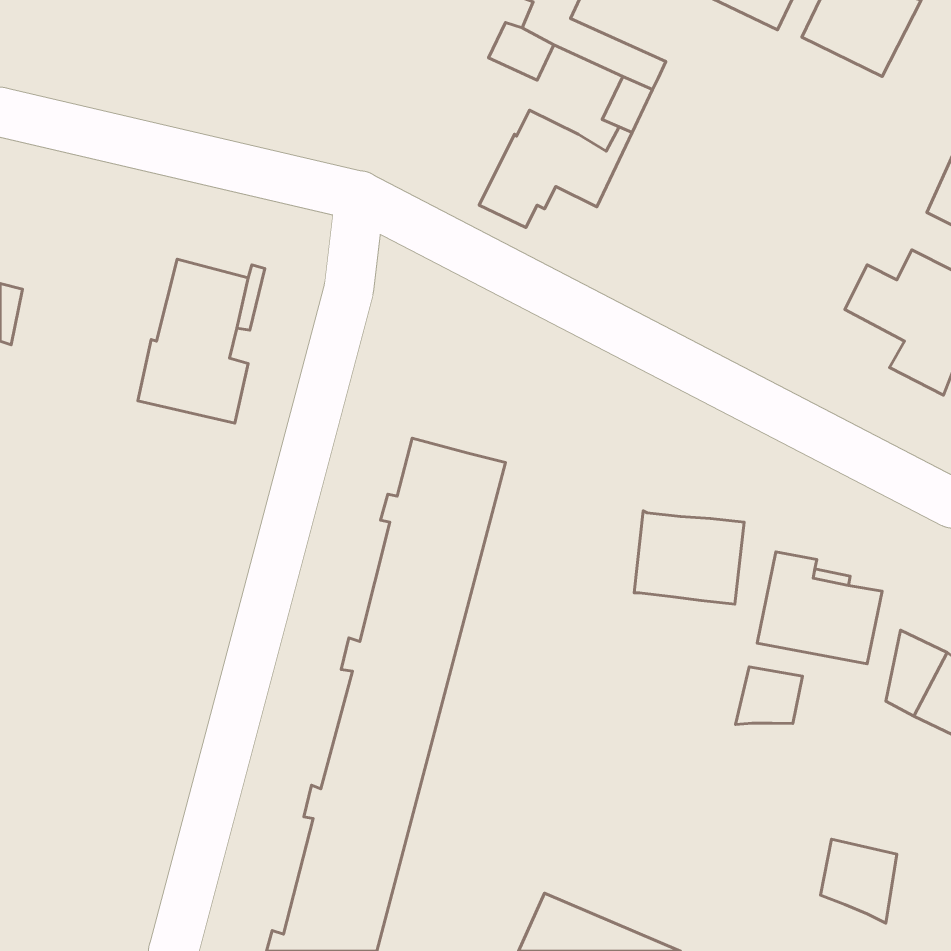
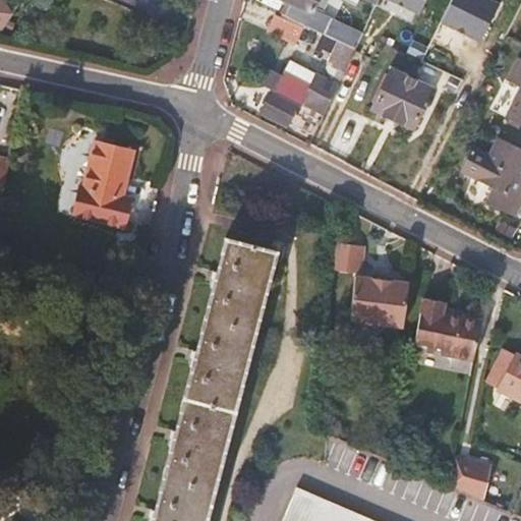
building: none -> [375,70,431,126]
building: none -> [333,245,362,277]
building: [735,667,802,725] -> none

